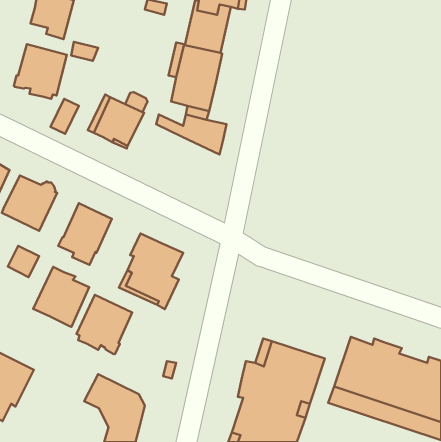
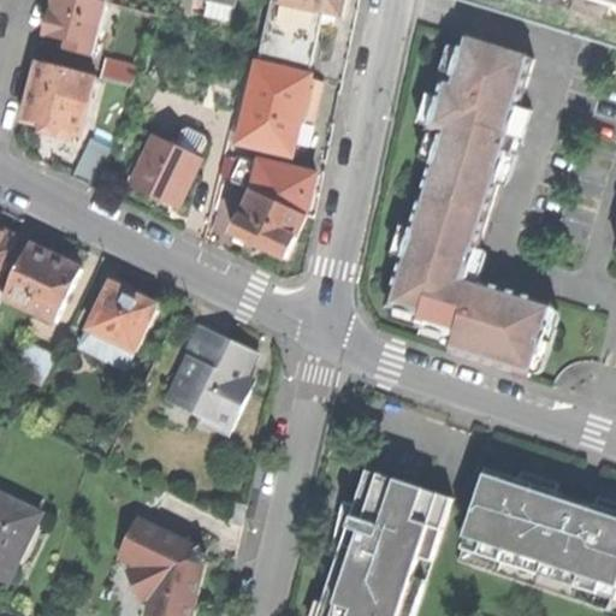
building: none -> [385,36,550,375]
building: none -> [231,189,304,257]
building: [33,267,89,327] -> none
building: [76,295,132,354] -> none

